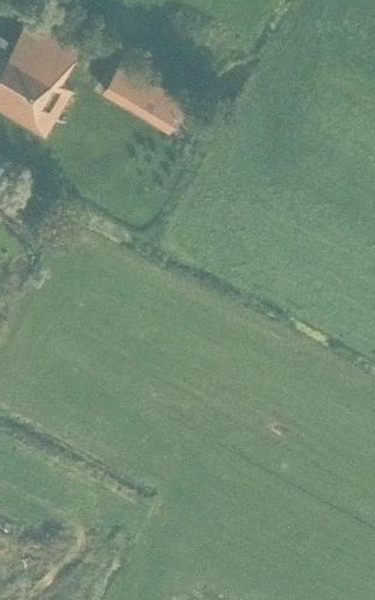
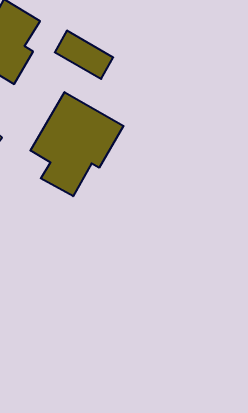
building: none -> [30,92,124,196]

